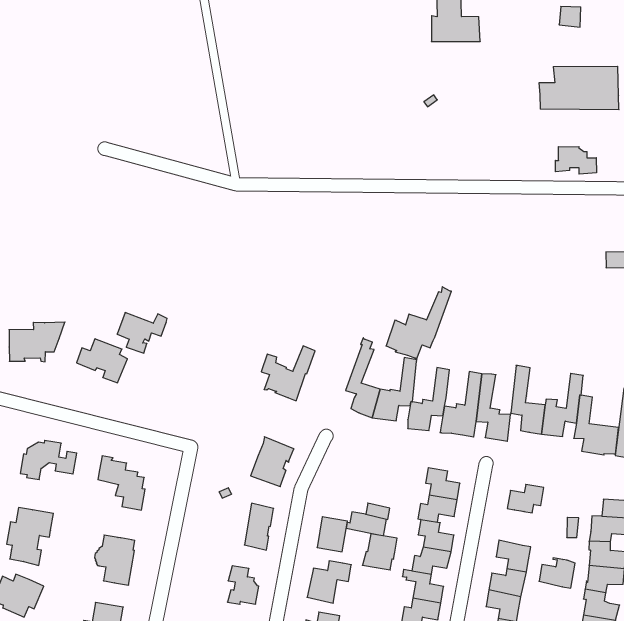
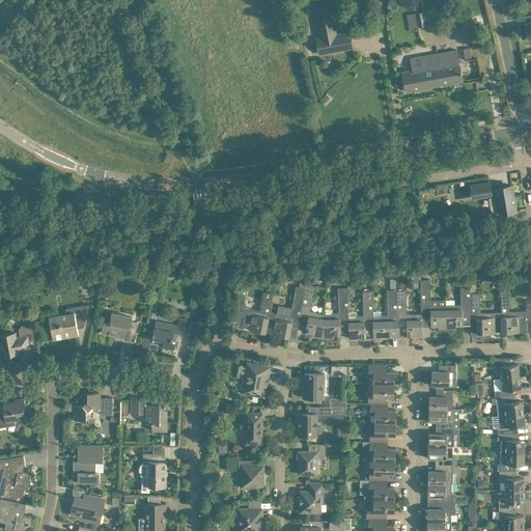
building: [555,147,596,174] -> none
building: [386,287,451,360] -> [264,282,305,338]
building: [117,313,167,353] -> [151,318,186,348]
building: [362,534,397,570] -> [302,374,324,398]
building: [539,558,575,588] -> [428,390,452,410]

